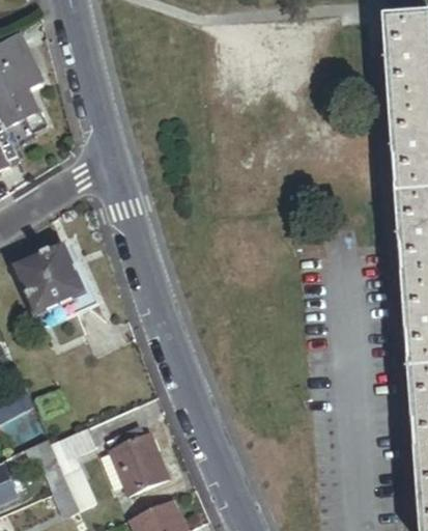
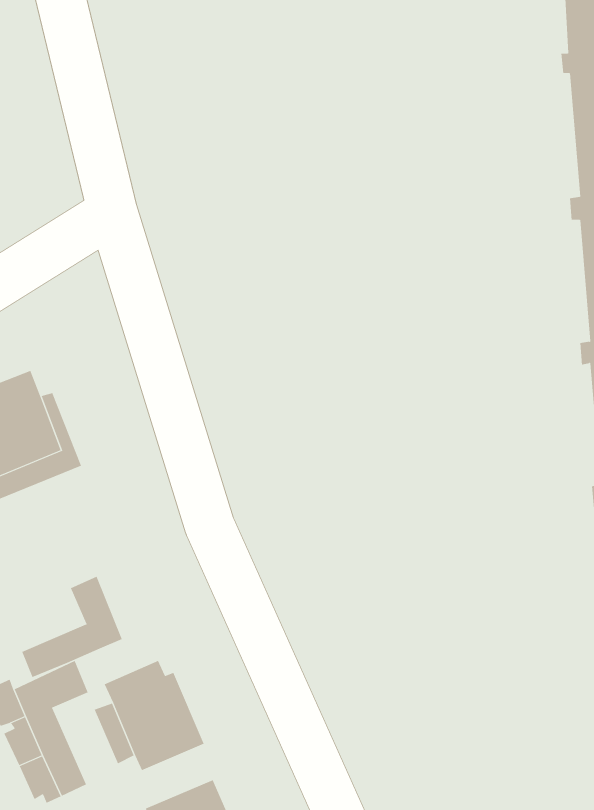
building: none -> [21,576,123,678]

